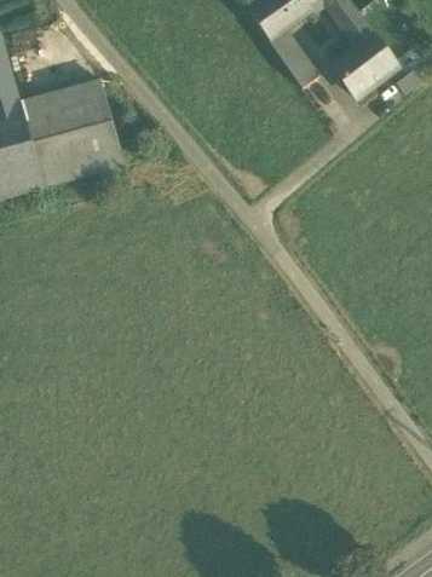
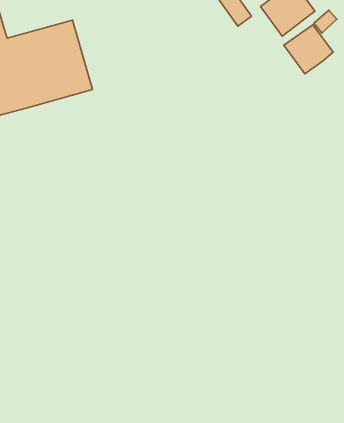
building: none -> [284,25,333,74]

